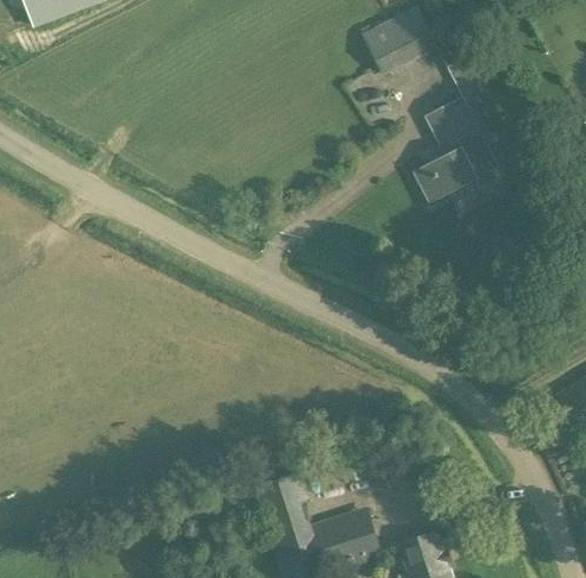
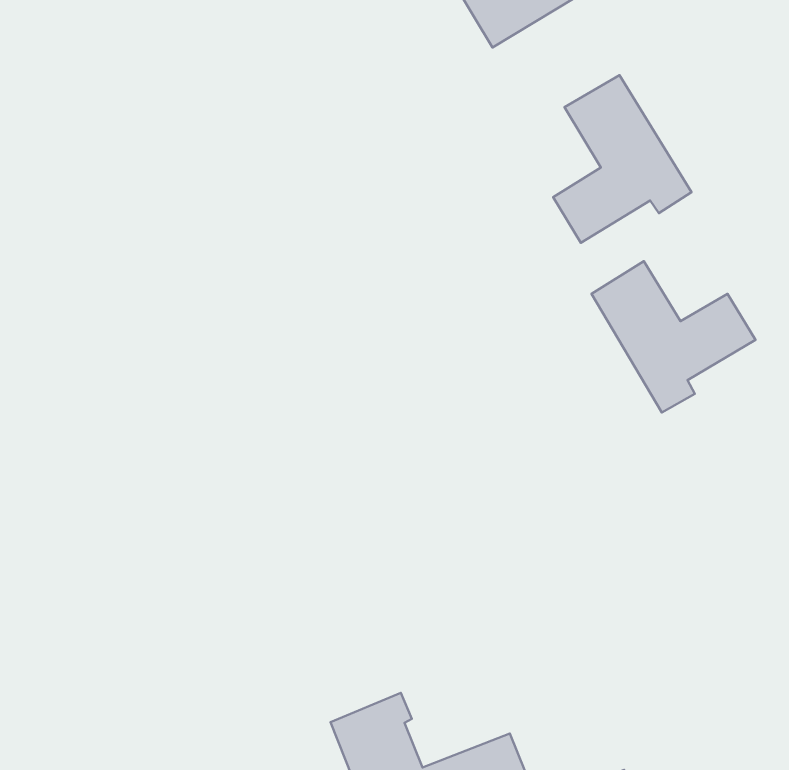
building: none -> [592,261,755,412]

